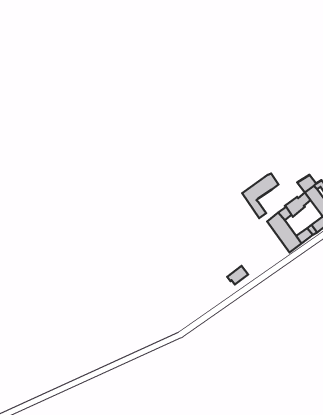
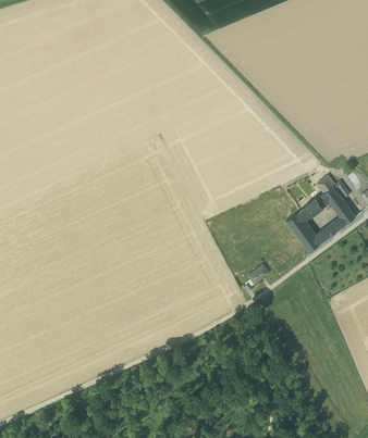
building: [242,174,279,218] -> none

